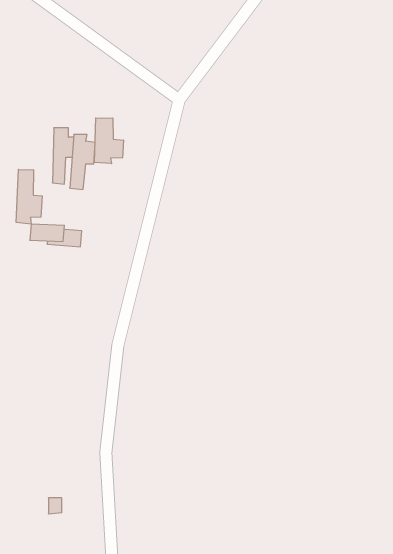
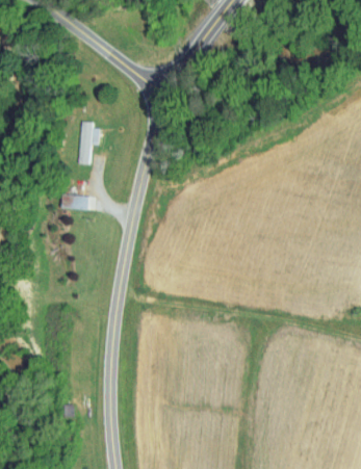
building: [95,118,123,164] -> none
building: [16,169,42,224] -> none

